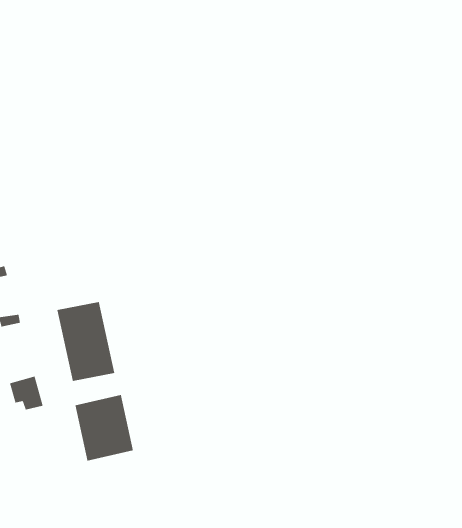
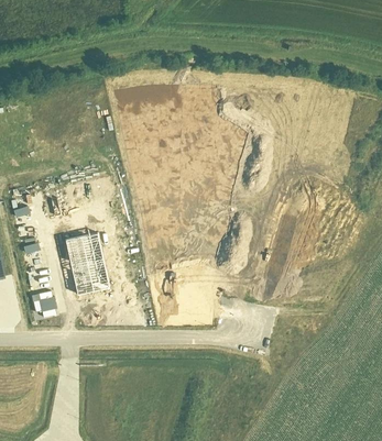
building: [75,394,134,462] -> none

